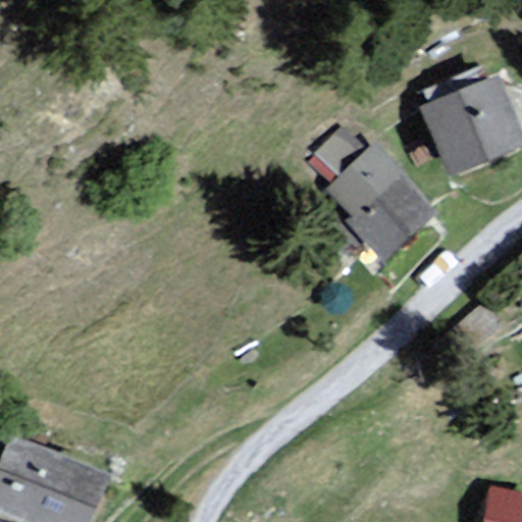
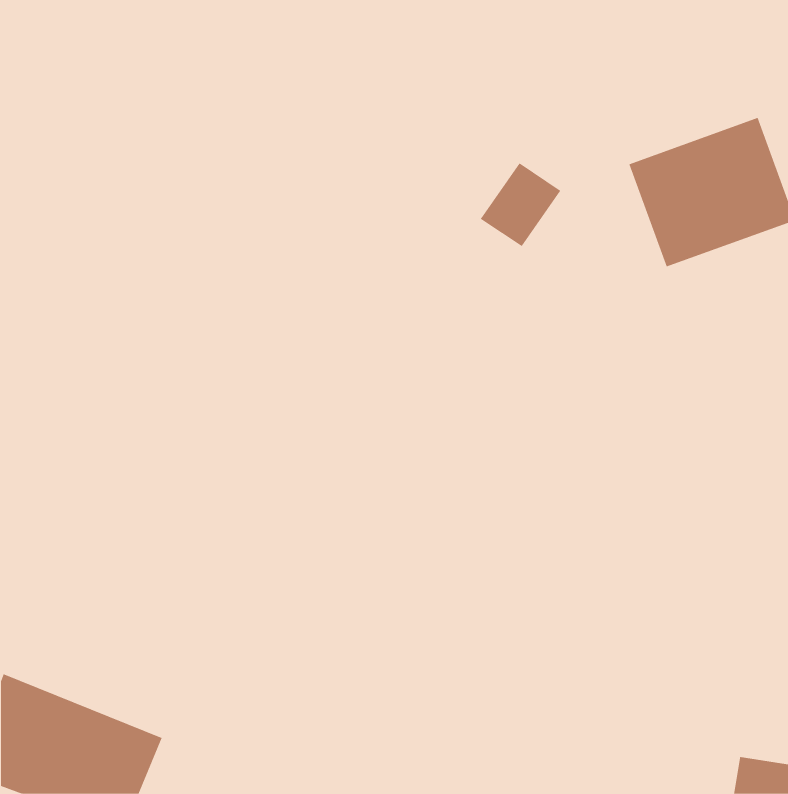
building: [323,143,431,255] -> none

